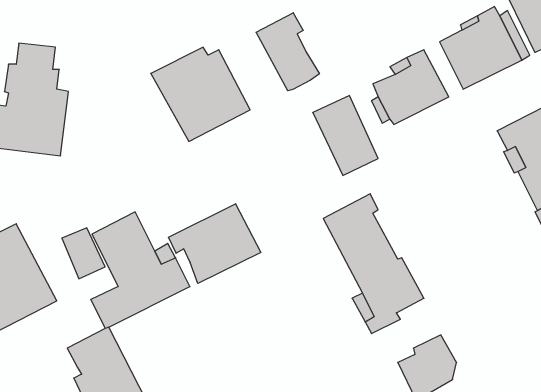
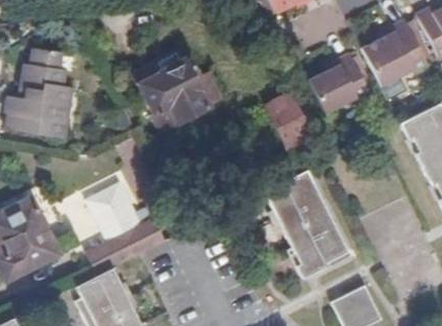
building: [256,13,319,91] -> none
building: [168,204,261,283] -> none

